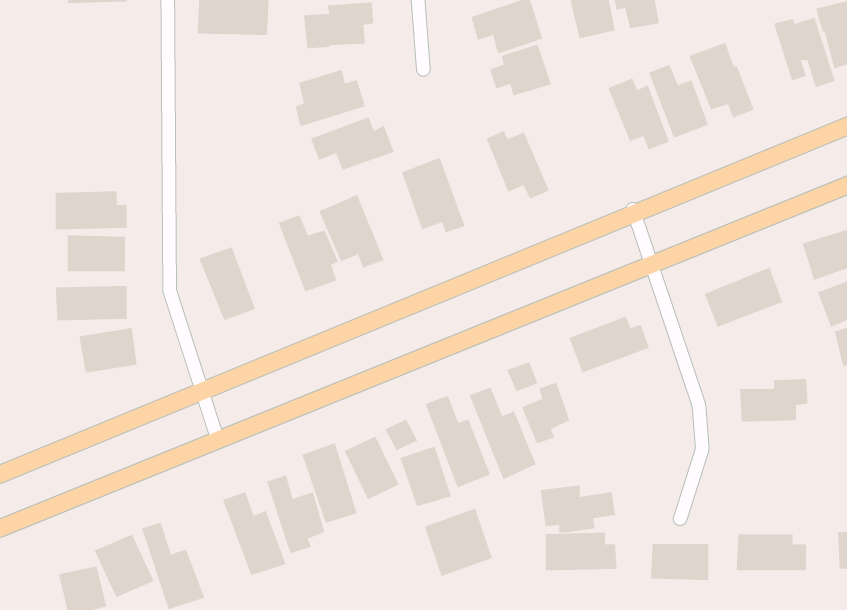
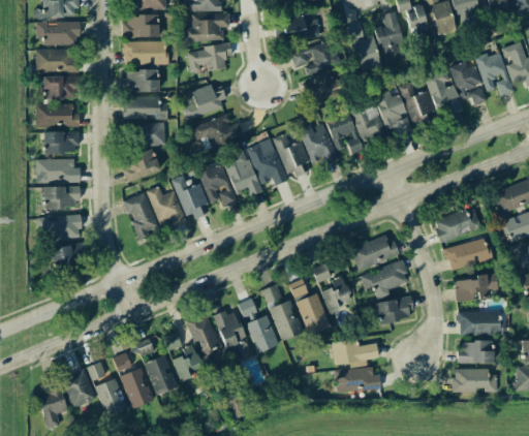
building: none -> [35,49,77,72]
building: none -> [449,61,488,106]
building: none -> [123,71,158,92]
building: none -> [43,76,77,99]
building: none -> [123,95,168,120]
building: none -> [325,100,386,150]
building: none -> [35,103,75,127]
building: none -> [133,124,165,146]
building: none -> [44,131,77,154]
building: none -> [275,133,312,180]
building: none -> [223,149,261,195]
building: none -> [121,150,160,182]
building: none -> [147,186,187,227]
building: none -> [445,239,491,270]
building: none -> [361,261,409,294]
building: none -> [376,297,413,323]
building: none -> [459,311,500,335]
building: none -> [114,352,154,409]
building: [424,508,492,577] -> none
building: [650,543,709,581] -> [458,341,494,364]

